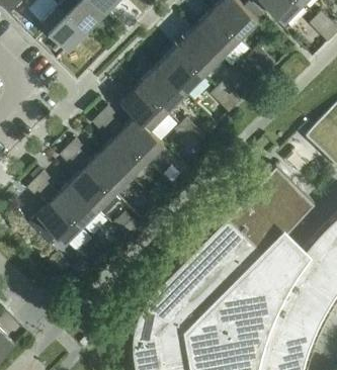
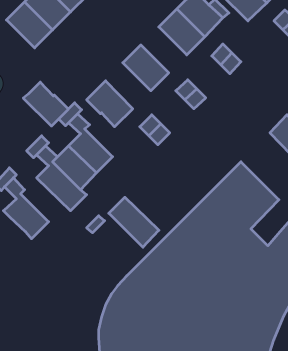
building: [174,30,221,77] -> none
building: [139,67,184,113] -> none
building: [117,117,163,162] -> [23,82,68,126]
building: [53,183,103,234] -> [109,197,159,247]

